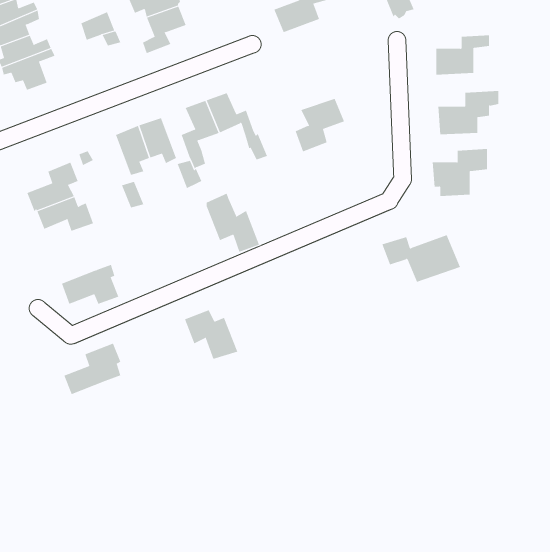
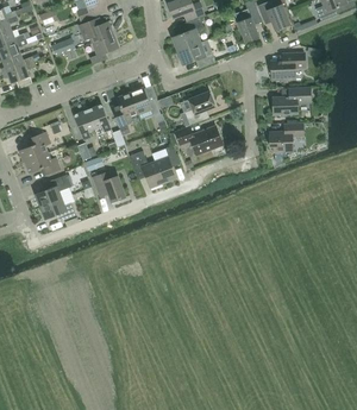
building: none -> [177,43,215,67]
building: none -> [155,145,181,182]
building: [382,234,461,283] -> [175,125,224,154]
building: [184,309,238,360] -> [93,170,126,201]
building: [63,343,121,395] -> [36,174,71,206]

